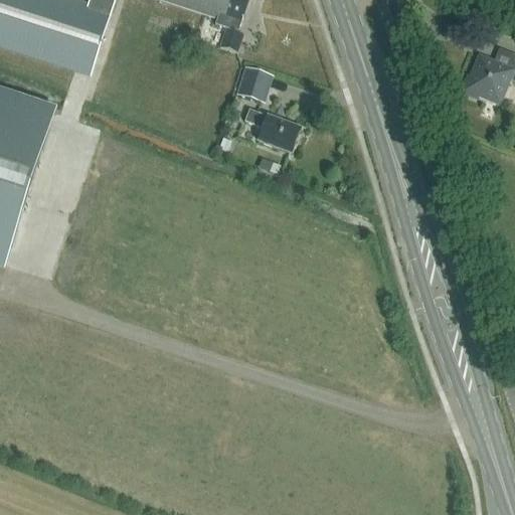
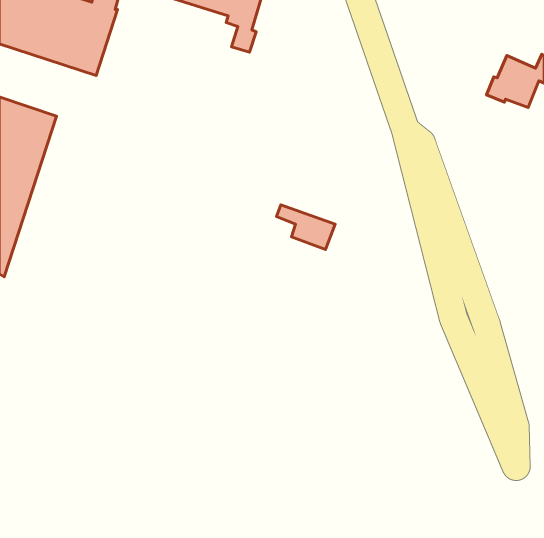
building: [235,65,272,101] -> none
building: [243,108,299,150] -> [276,205,335,250]

